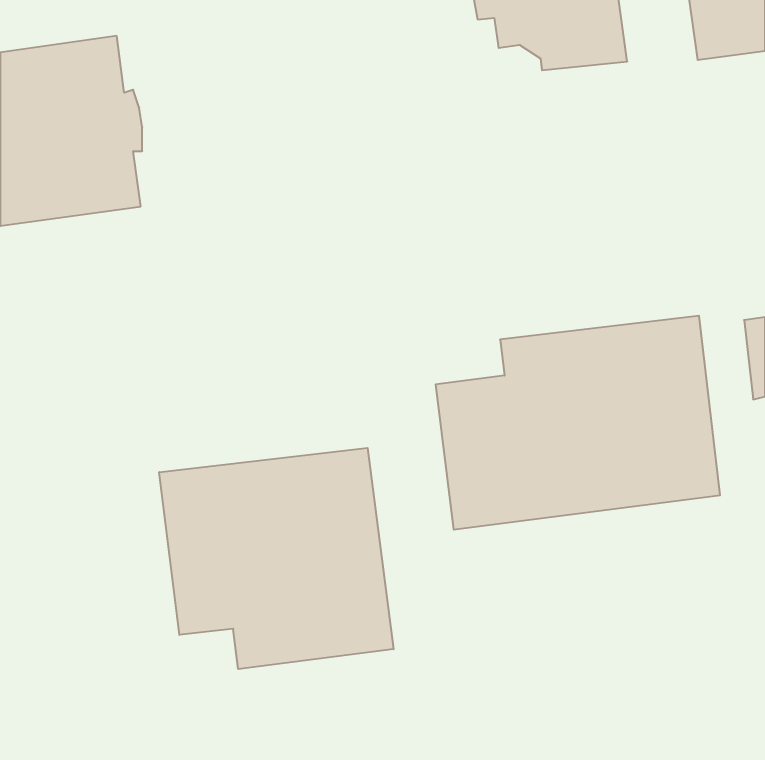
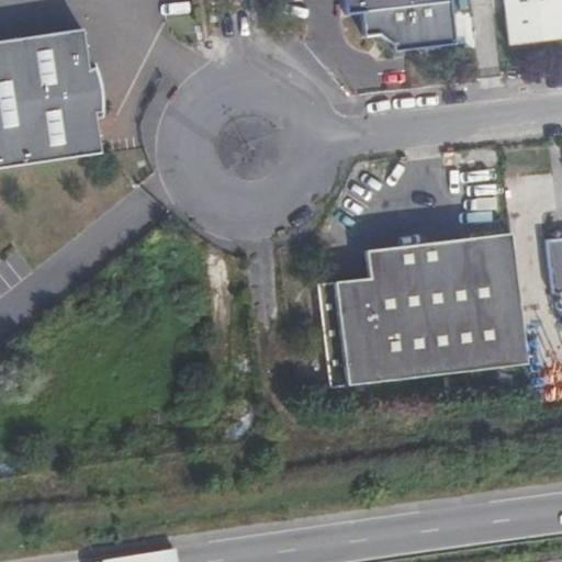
building: [159,448,393,669] -> none

